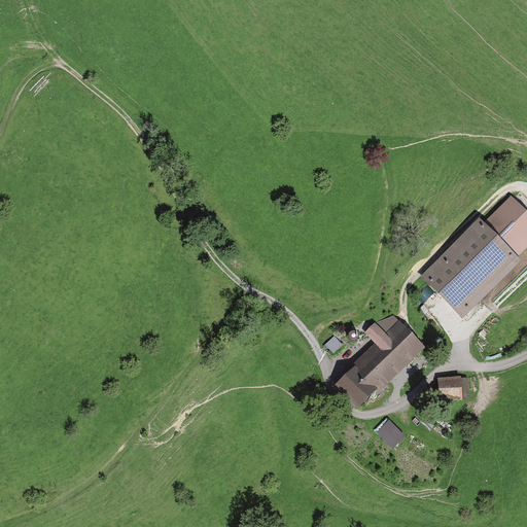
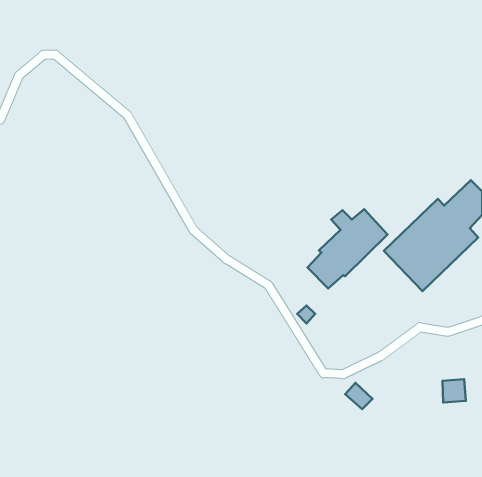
building: [339,319,426,406] -> [307,209,388,288]
building: [437,375,463,400] -> [442,379,466,403]

